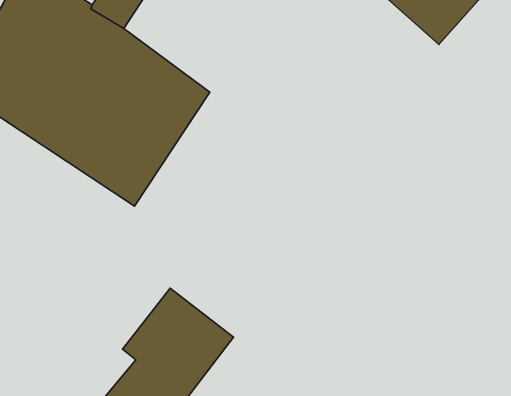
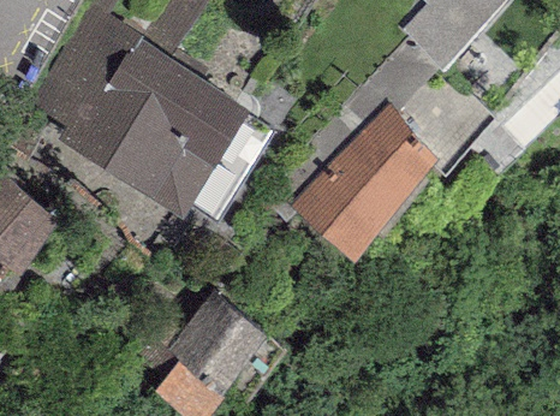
building: none -> [290,107,435,257]

